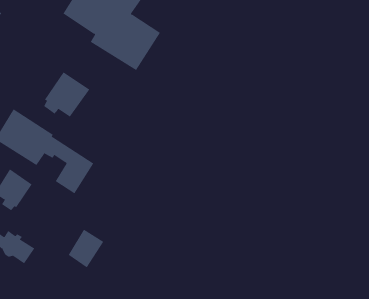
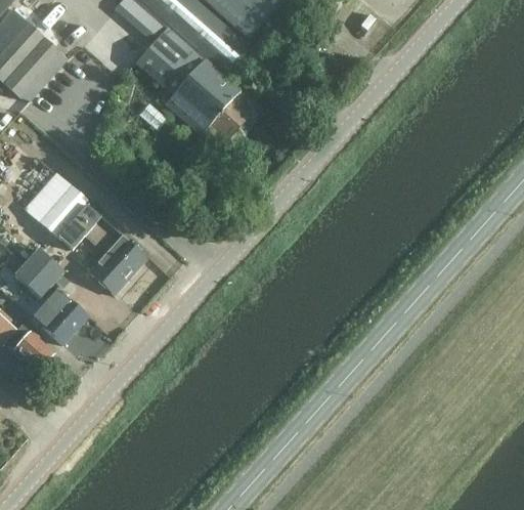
building: [43,72,90,118] -> none
building: [68,229,104,268] -> [40,295,88,345]

